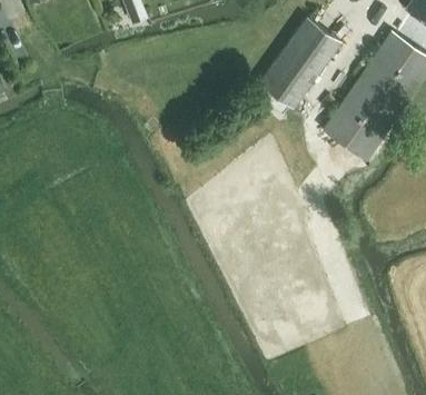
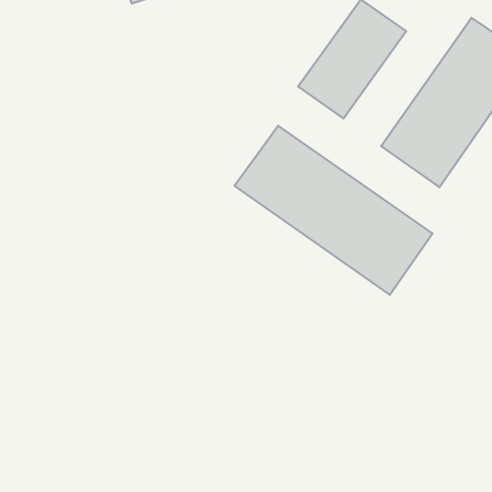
building: none -> [235,126,433,295]

